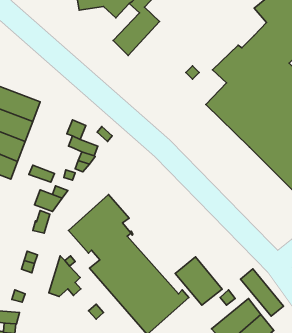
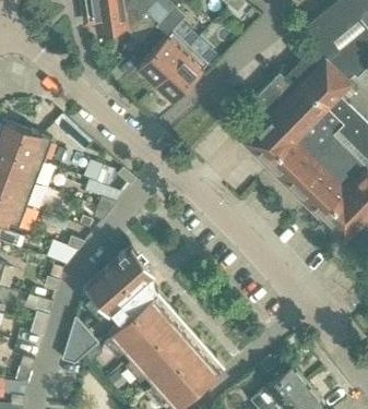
building: none -> [154,47,207,103]
building: [175,257,222,305] -> none
building: [241,269,283,316] -> none

